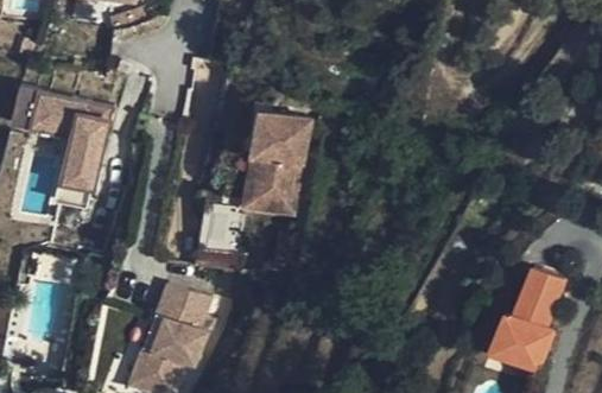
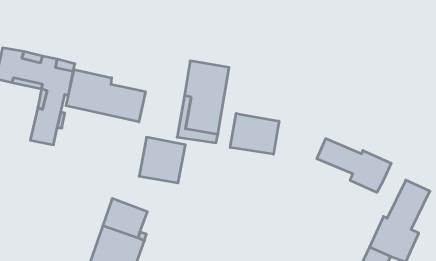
building: none -> [66,69,145,122]
building: none -> [230,113,279,154]
building: none -> [317,139,391,192]

